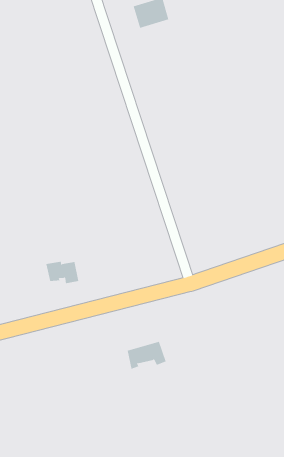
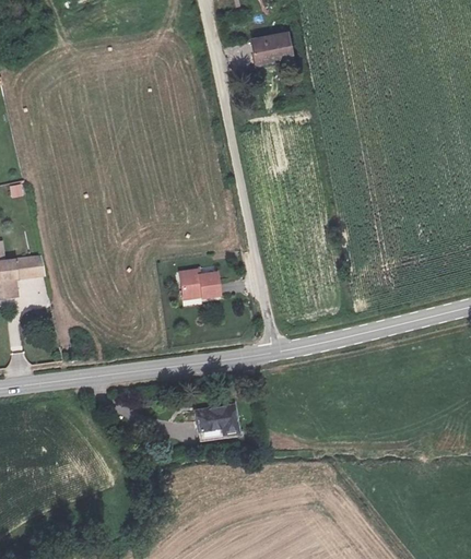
building: [45,261,79,284] -> [175,272,211,298]

